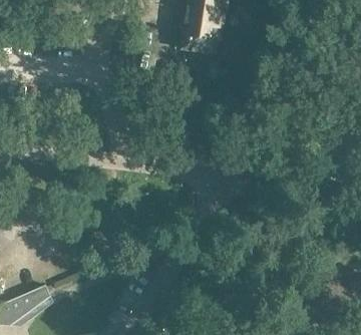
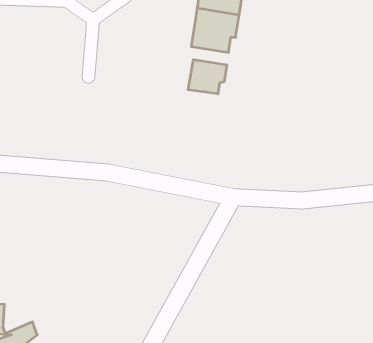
building: none -> [188,60,227,94]

